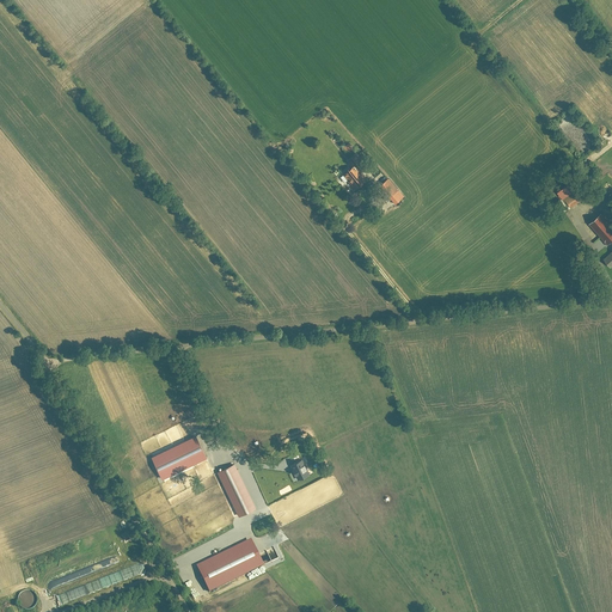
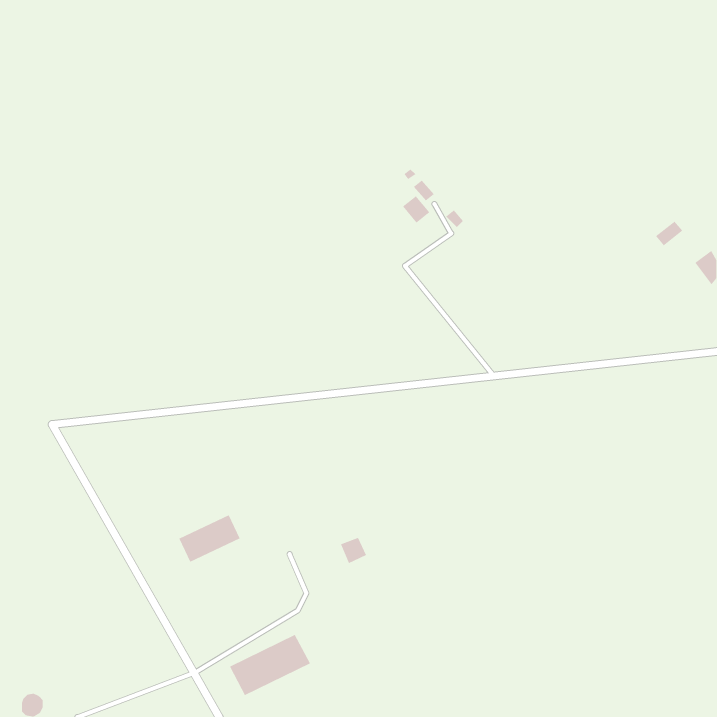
building: [219,464,255,514] -> none

